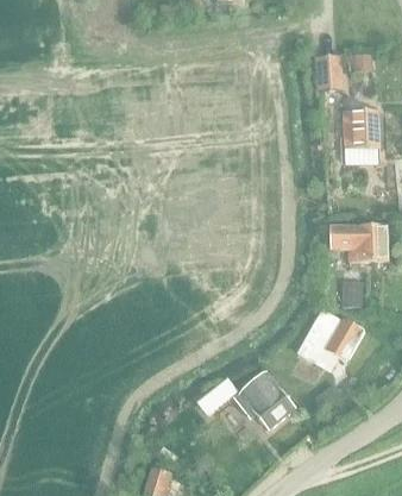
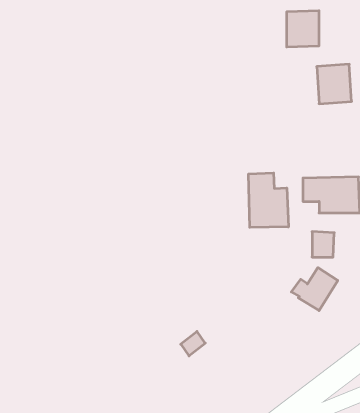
building: none -> [249,173,288,227]
building: [234,372,295,429] -> none

